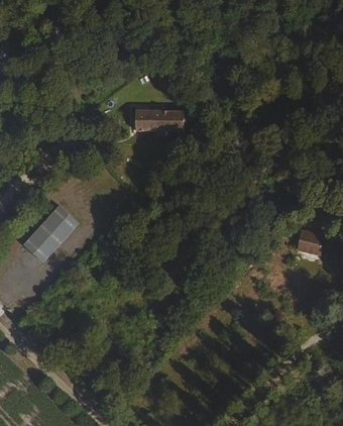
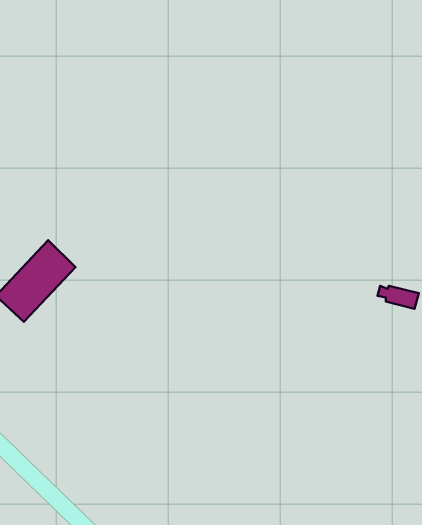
building: [145,111,182,132] -> none

